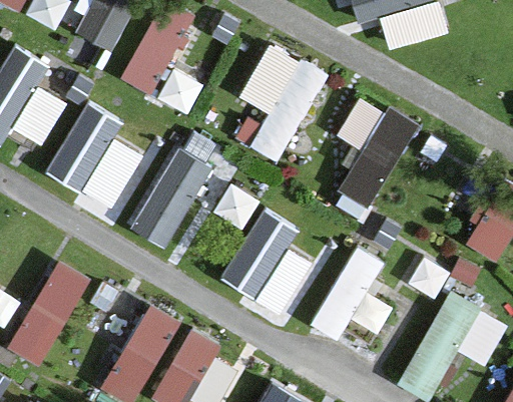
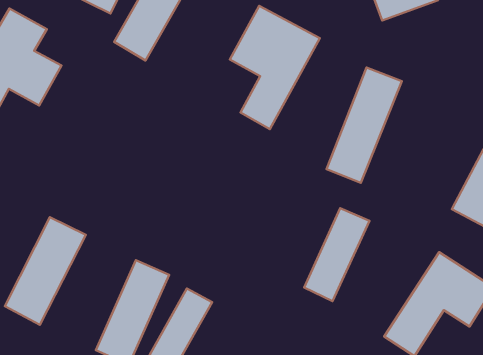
building: [52,111,142,202] -> none
building: [131,145,213,249] -> none
building: [224,206,309,309] -> none

